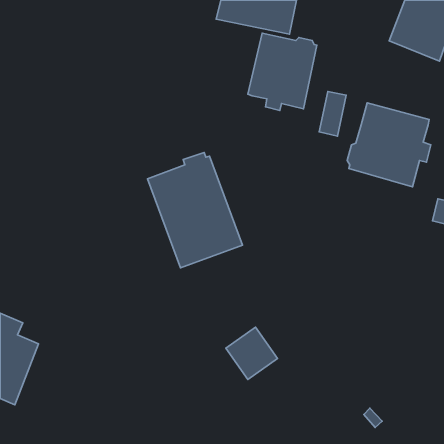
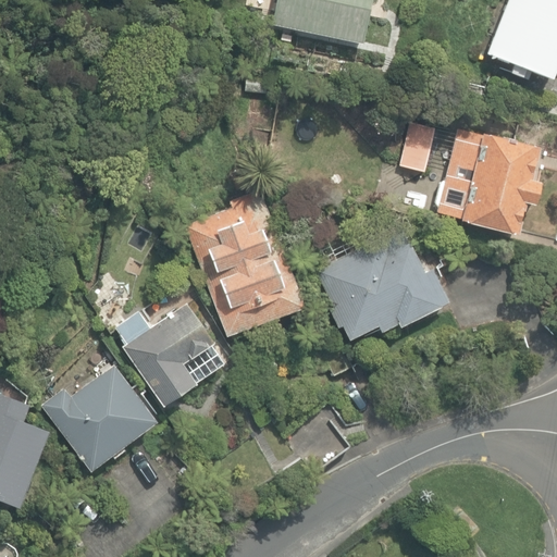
building: [248,33,317,110] -> none
building: none -> [317,231,449,339]
building: none -> [115,301,223,406]
building: none -> [40,367,156,472]

